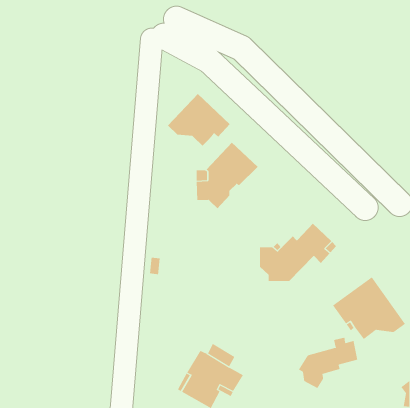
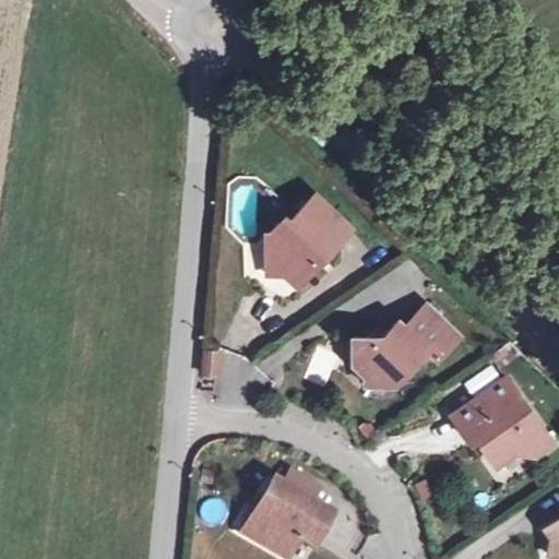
building: [167,93,230,147] -> none
building: [298,337,358,389] -> none

